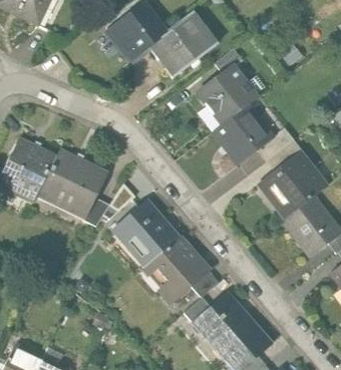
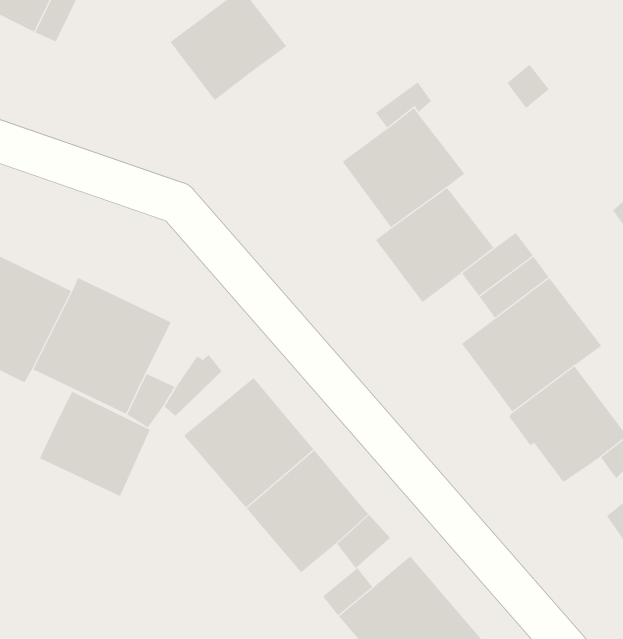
building: [147,12,216,76] -> none
building: none -> [39,391,151,497]

